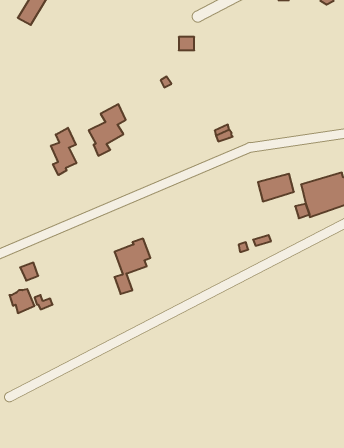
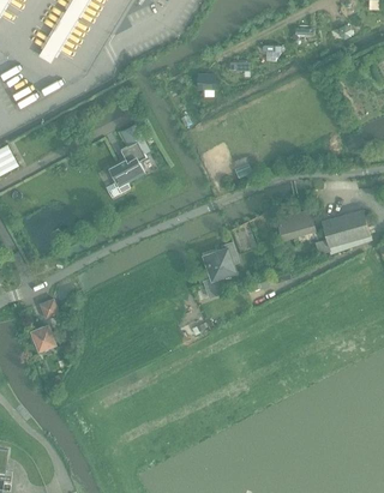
building: [51,128,76,175] -> none
building: [114,239,150,294] -> [203,241,239,296]

